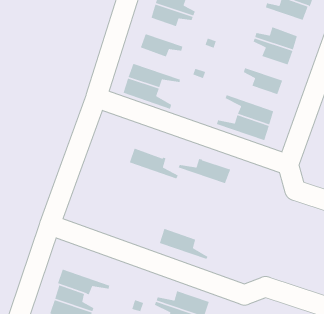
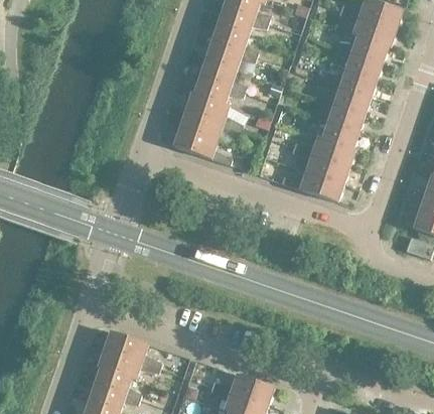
building: none -> [335,47,382,80]
building: none -> [199,59,246,92]
building: none -> [314,104,365,131]
building: [129,147,179,179] -> [185,93,243,130]
building: [178,158,232,184] -> [293,136,355,166]
building: [159,228,209,260] -> [104,330,161,368]

